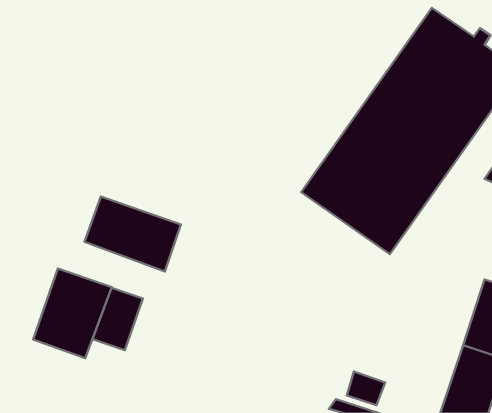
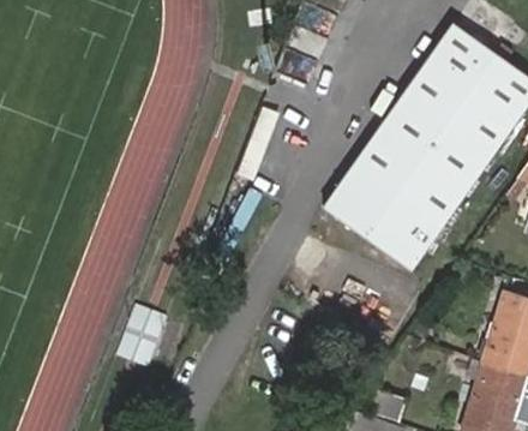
building: [84,197,181,272] -> none
building: [33,269,112,358] -> none

